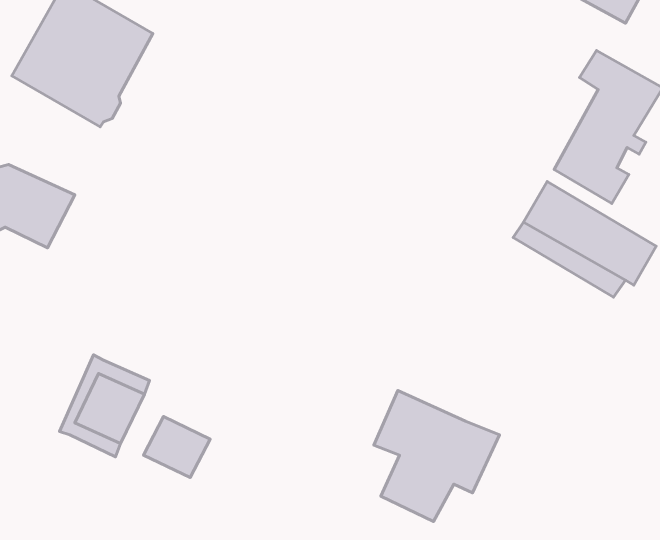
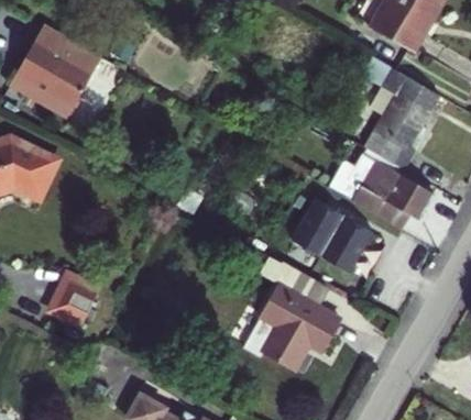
building: none -> [291,199,374,275]
building: none -> [261,266,319,308]
building: [143,417,210,478] -> none

